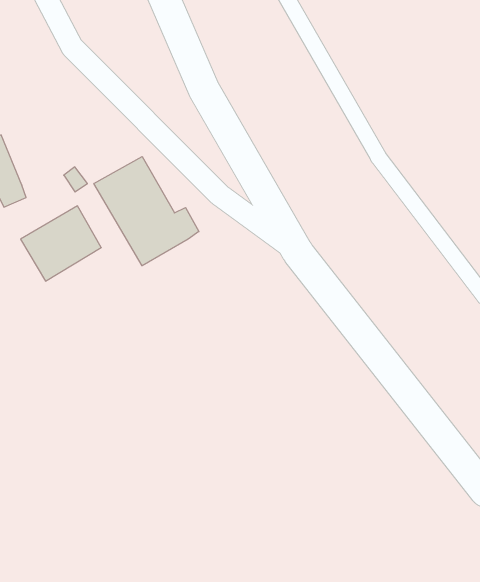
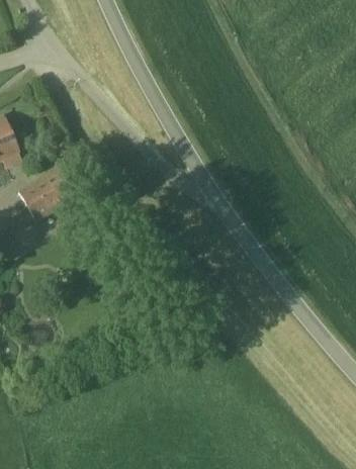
building: [94,157,199,266] -> none

